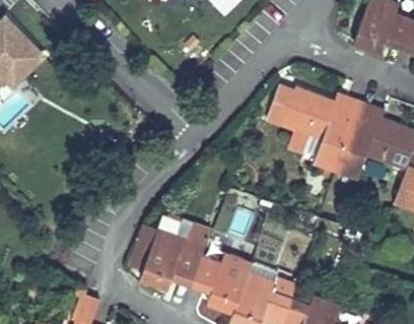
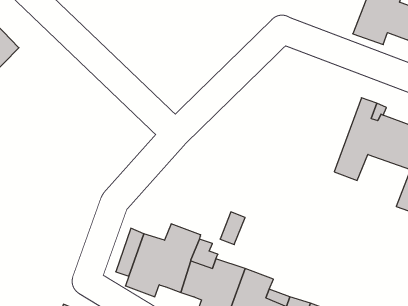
building: [267,86,361,172] -> none

